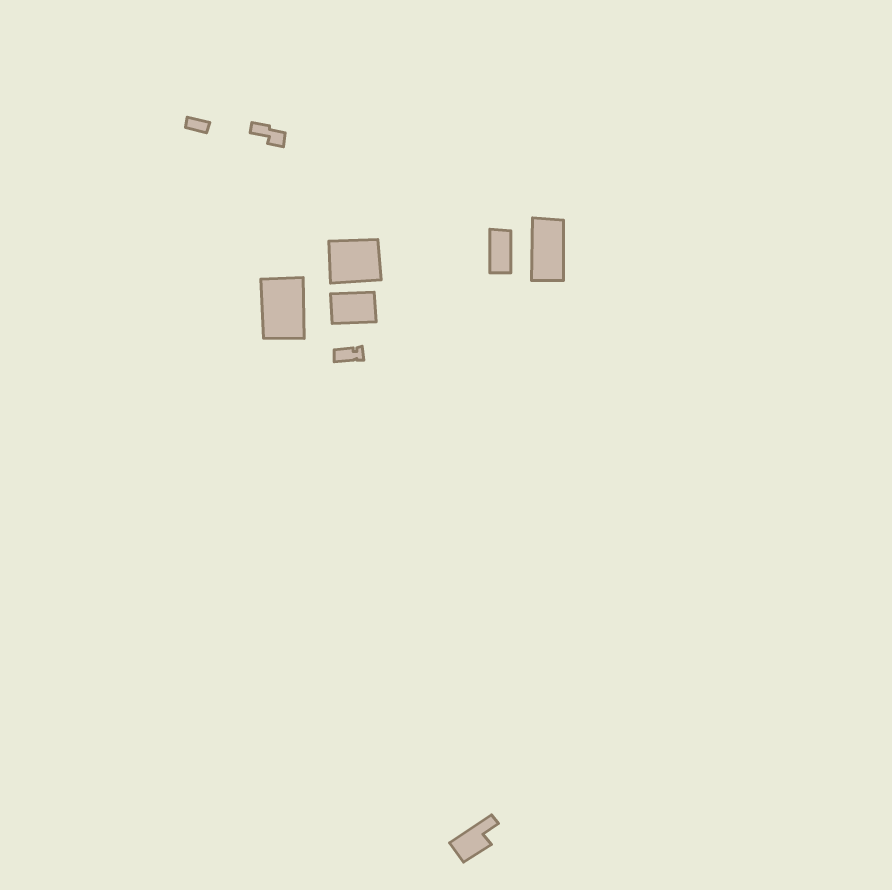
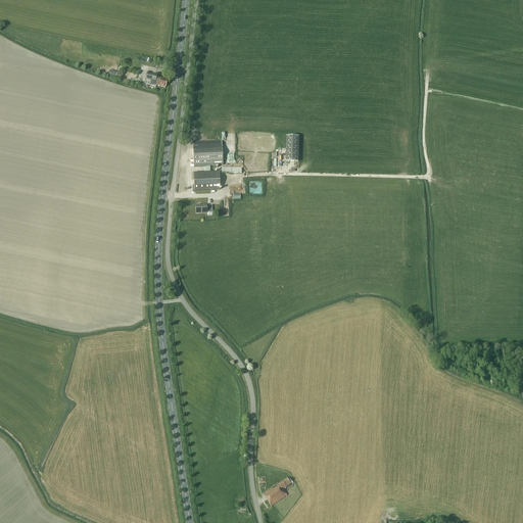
building: [532,218,564,280] -> none
building: [261,277,304,339] -> none

